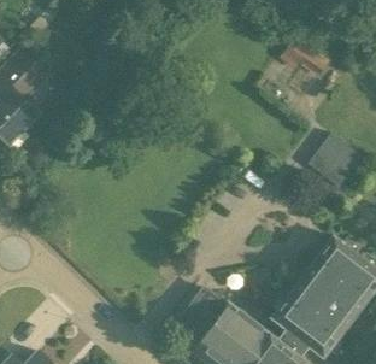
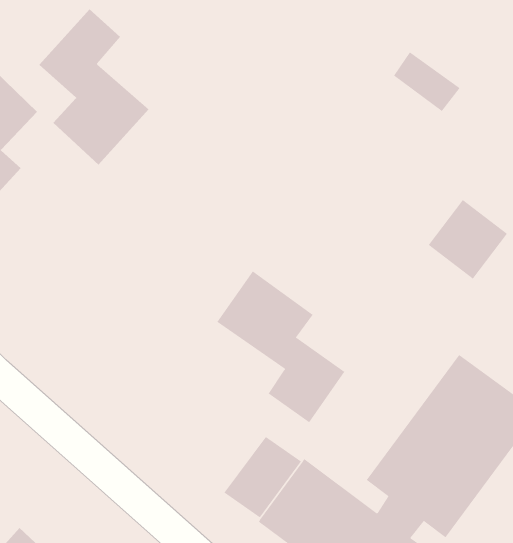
building: none -> [39,9,149,166]
building: none -> [217,270,345,423]

